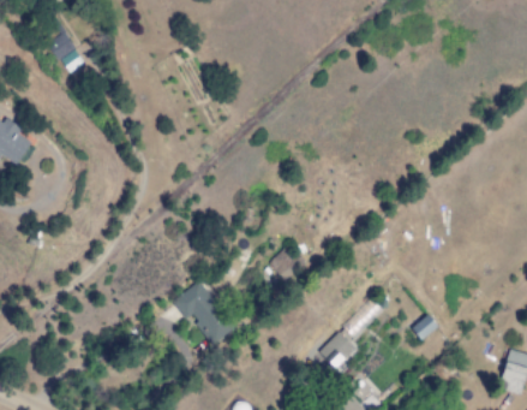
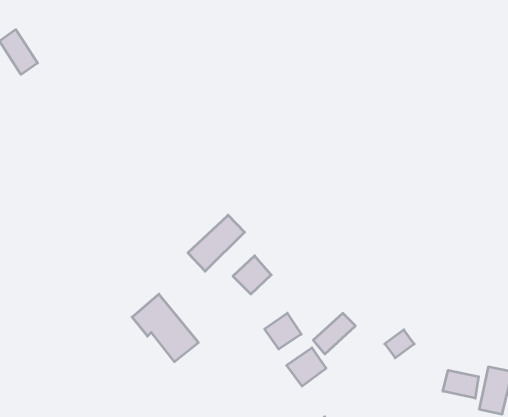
building: none -> [188,215,245,271]
building: none -> [265,313,301,349]
building: none -> [443,370,479,398]

